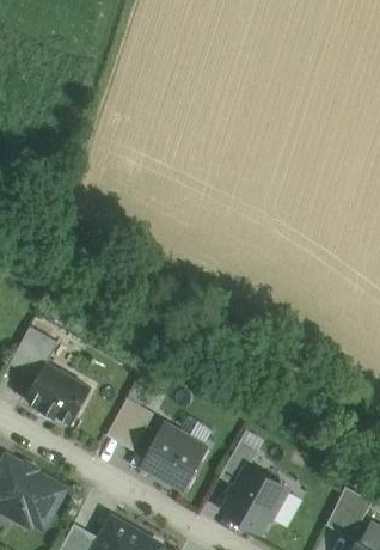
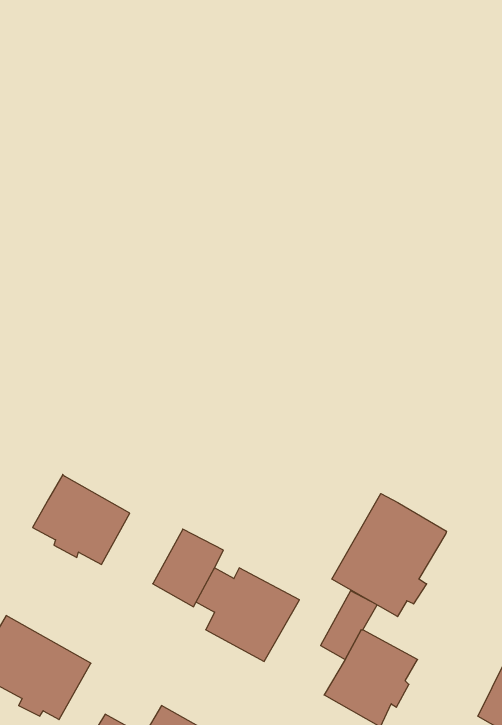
building: [10,325,59,378] -> none
building: none -> [332,494,446,617]

